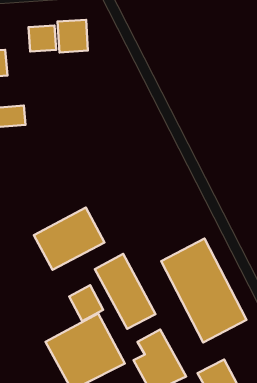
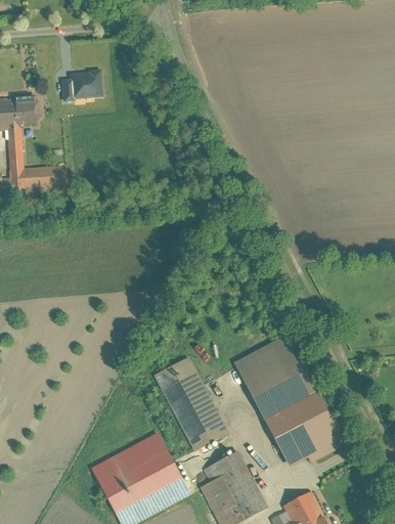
building: [58,20,88,52] -> none
building: [34,207,105,270] -> none
building: [69,285,103,321] -> none

